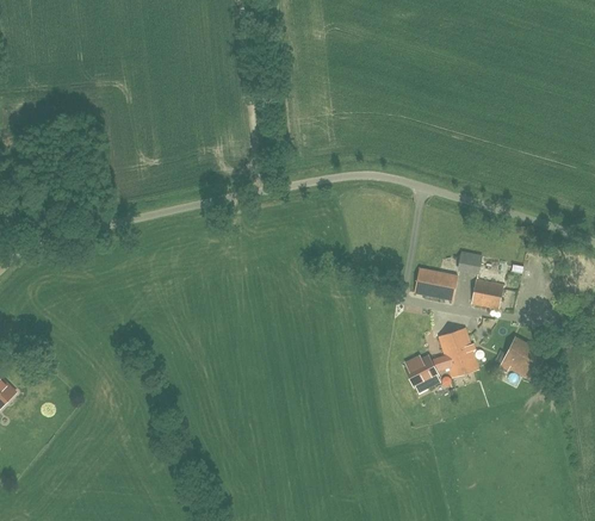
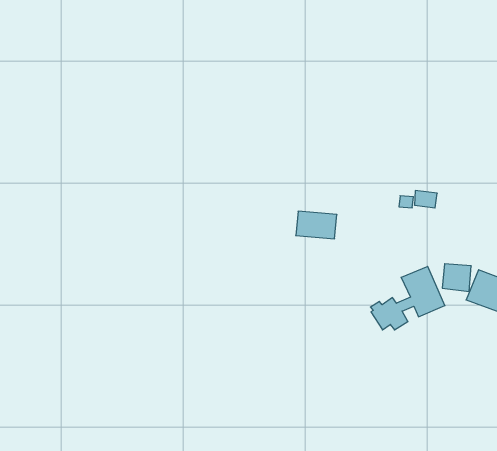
building: [414,268,457,299] -> [296,211,337,239]
building: [471,279,502,309] -> [442,264,471,291]

